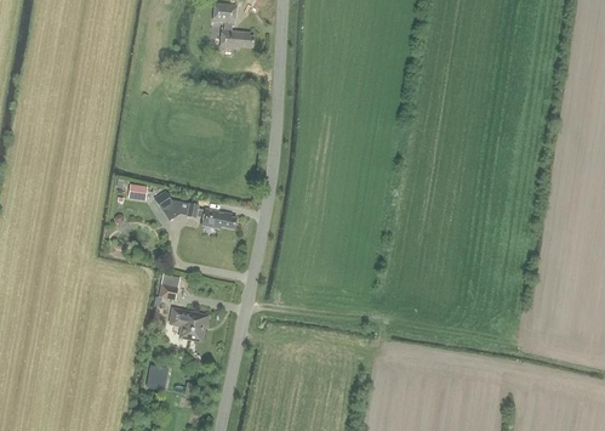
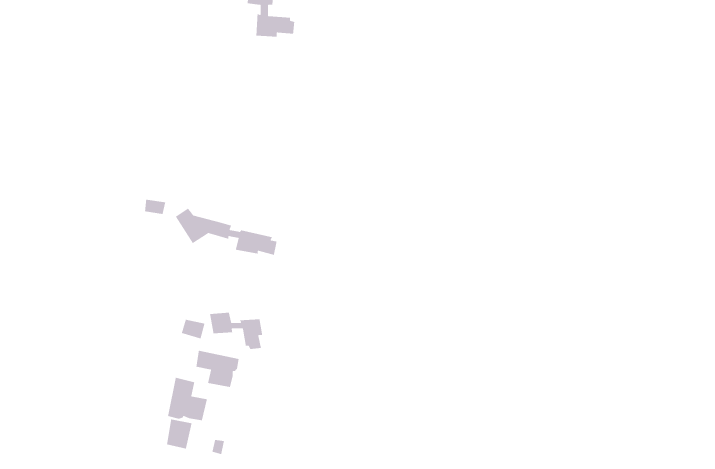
building: none -> [209,312,263,350]
building: none -> [167,377,208,421]

